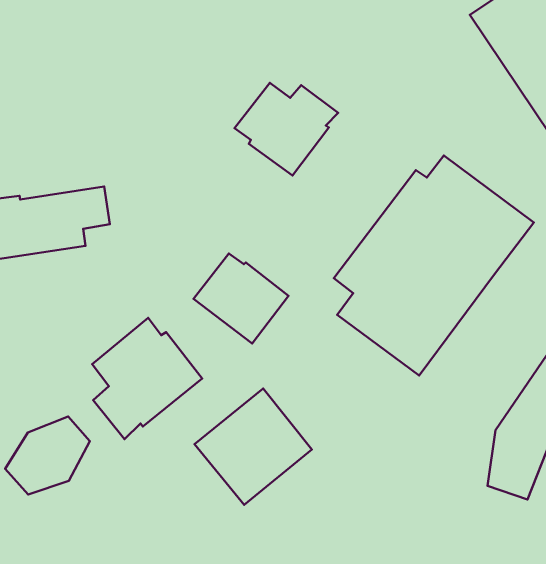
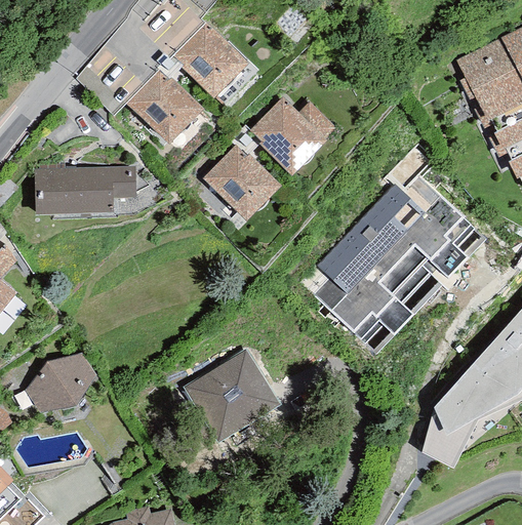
building: none -> [174,23,248,97]
building: none -> [126,70,203,145]
building: [193,254,289,344] -> [202,145,281,221]
building: [92,318,202,439] -> none

